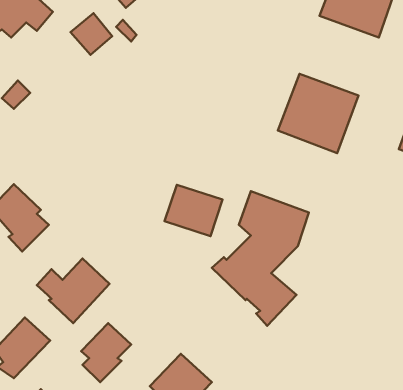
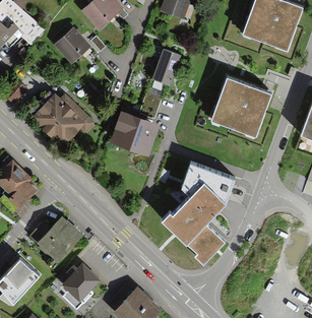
building: none -> [153,52,176,82]
building: none -> [33,98,90,143]
building: [165,185,223,236] -> [111,114,154,152]

